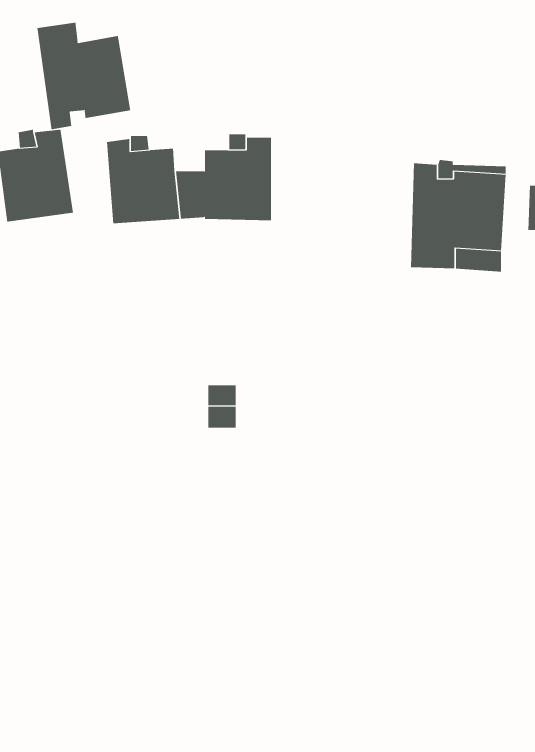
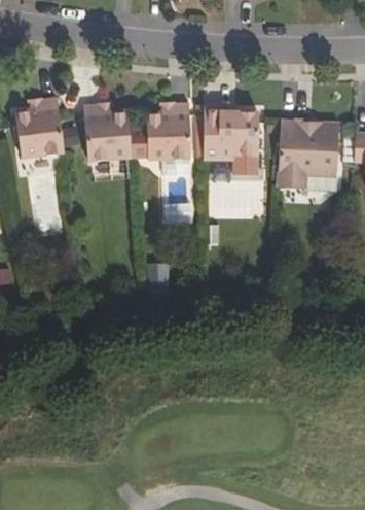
building: [37,22,131,130] -> none
building: none -> [196,106,258,175]

